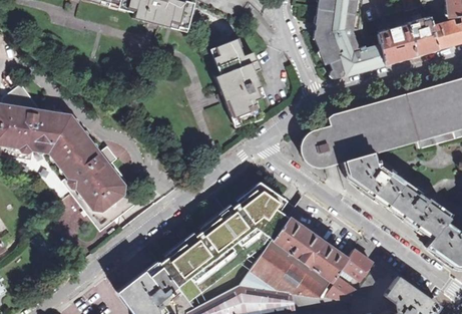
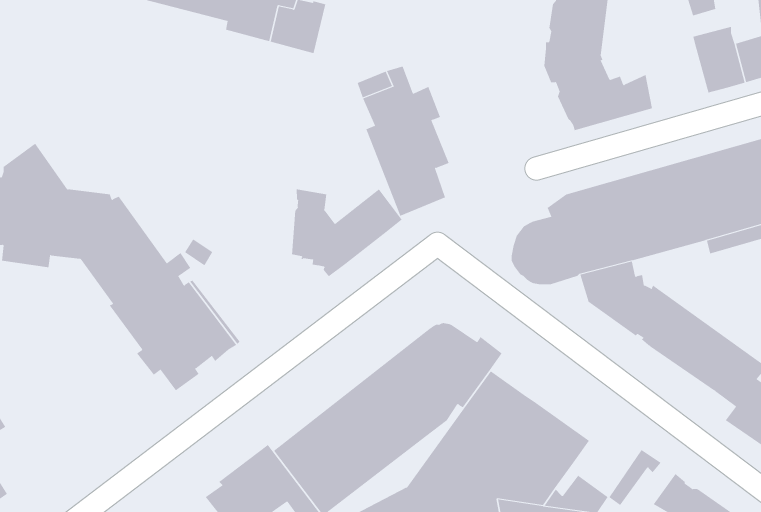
building: [378,24,416,64] -> none
building: none -> [292,188,402,277]
building: [338,250,373,281] -> none

